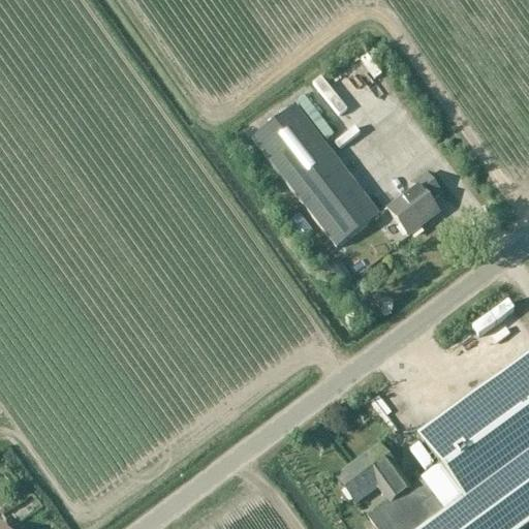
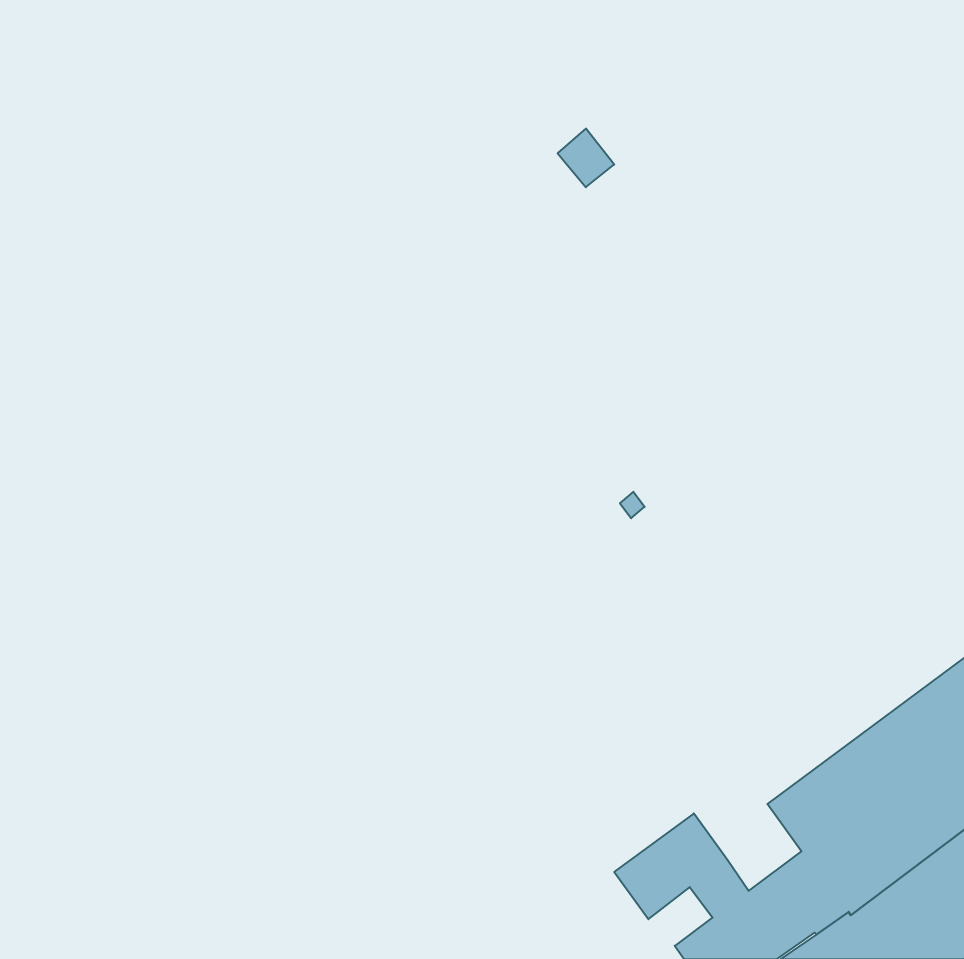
building: [253,104,381,248] -> none
building: [388,172,442,236] -> none

